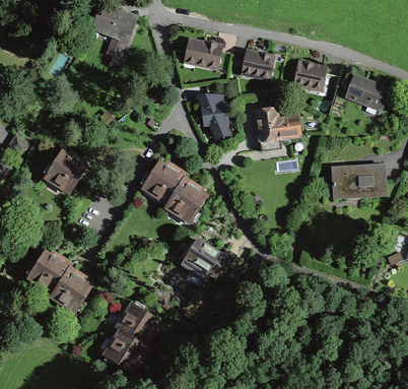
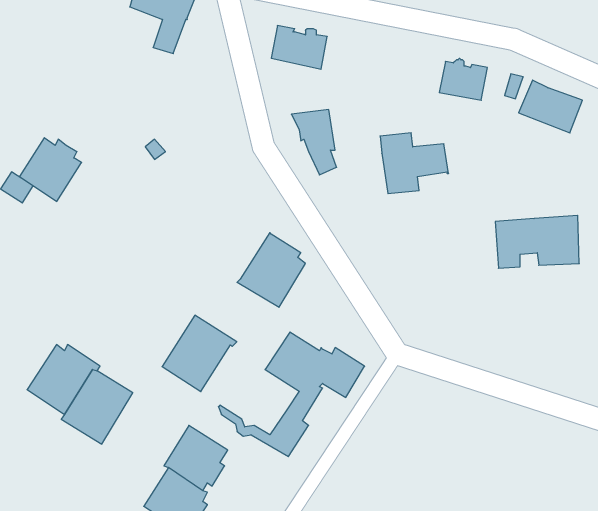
building: [242,51,273,78] -> none
building: [45,151,85,193] -> [19,138,82,201]
building: [139,155,188,205] -> [162,315,237,392]

